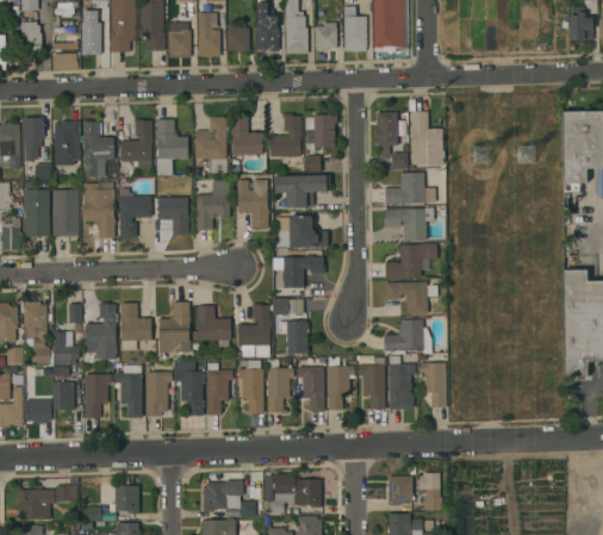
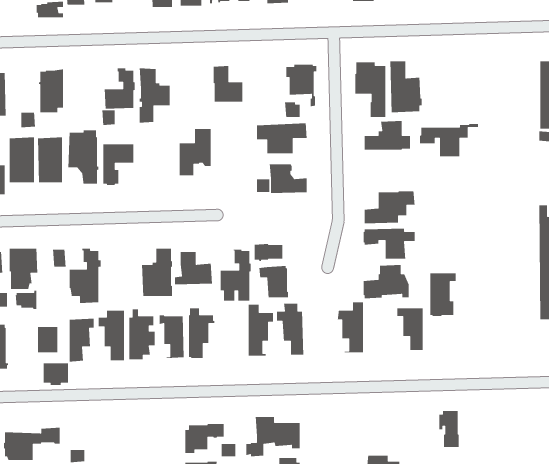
building: [269,113,302,156] -> none
building: [24,116,44,161] -> none
building: [194,116,229,173] -> none
building: [82,120,114,176] -> none
building: [237,179,269,228] -> none
building: [158,197,189,234] -> none
building: [384,205,445,239] -> [419,123,479,157]
building: [276,250,325,287] -> none
building: [120,303,151,350] -> none
building: [54,330,79,363] -> none
building: [328,356,354,410] -> none
building: [236,360,263,412] -> none
building: [388,363,416,409] -> [429,272,456,317]
building: [25,399,51,423] -> [43,362,69,386]
building: [419,472,441,510] -> [438,410,460,448]
building: [387,475,414,505] -> none
building: [114,485,138,512] -> none

